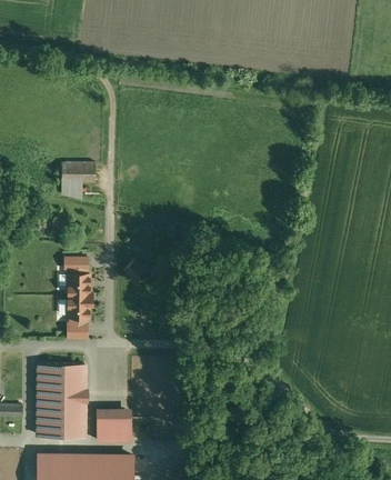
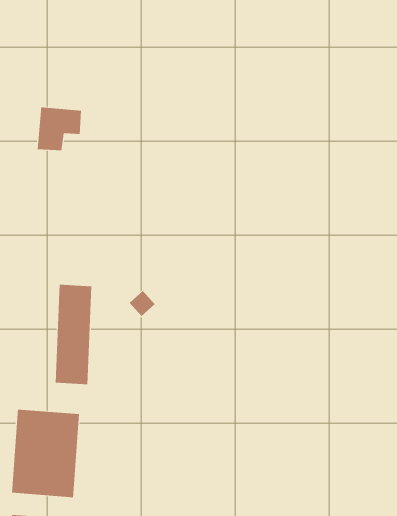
building: [66,162,101,198] -> [37,107,82,151]
building: [97,417,131,441] -> none

